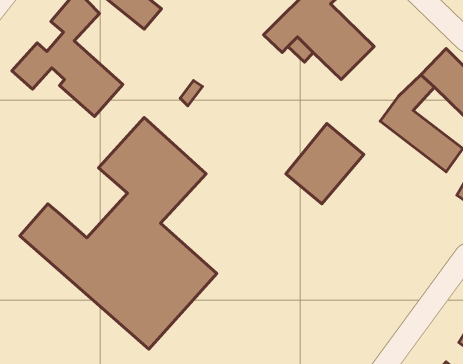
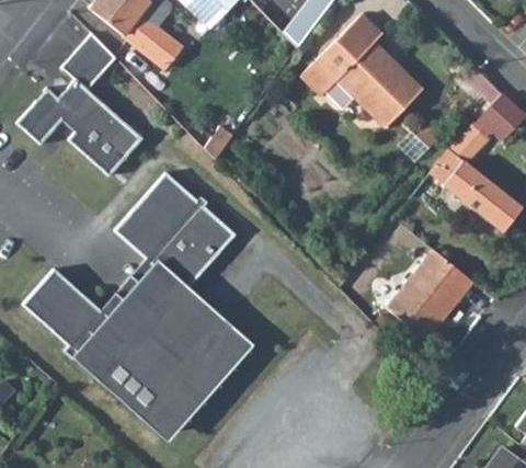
building: [286,123,364,204] -> [388,249,476,340]

